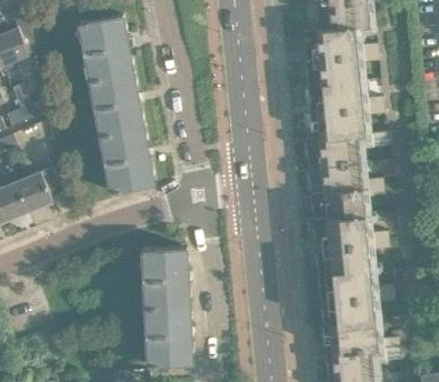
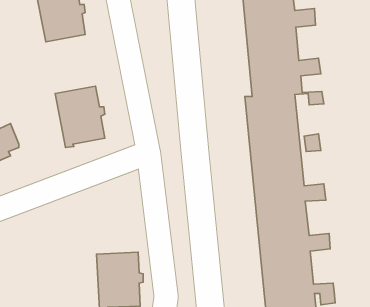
building: [90,71,143,134] -> none
building: [142,248,192,306] -> none

